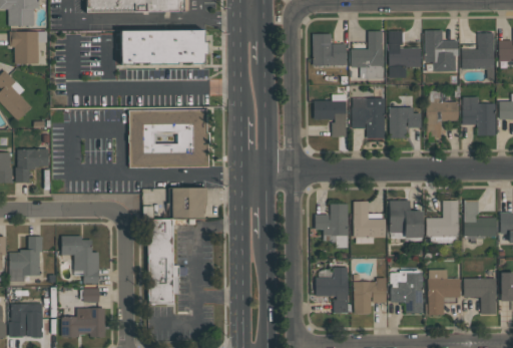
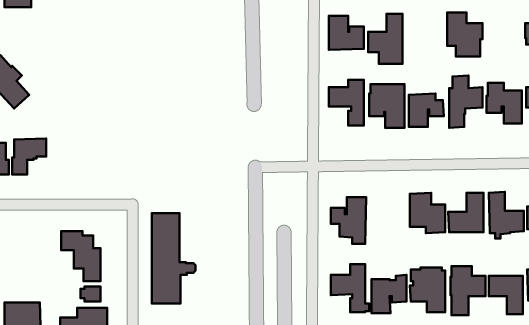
building: [389,30,421,77] -> none
building: [10,31,47,63] -> none
building: [121,31,207,65] -> none
building: [462,32,494,79] -> none
building: [128,109,209,168] -> none
building: [172,188,206,216] -> none
building: [353,201,386,243] -> none
building: [10,236,43,281] -> none

